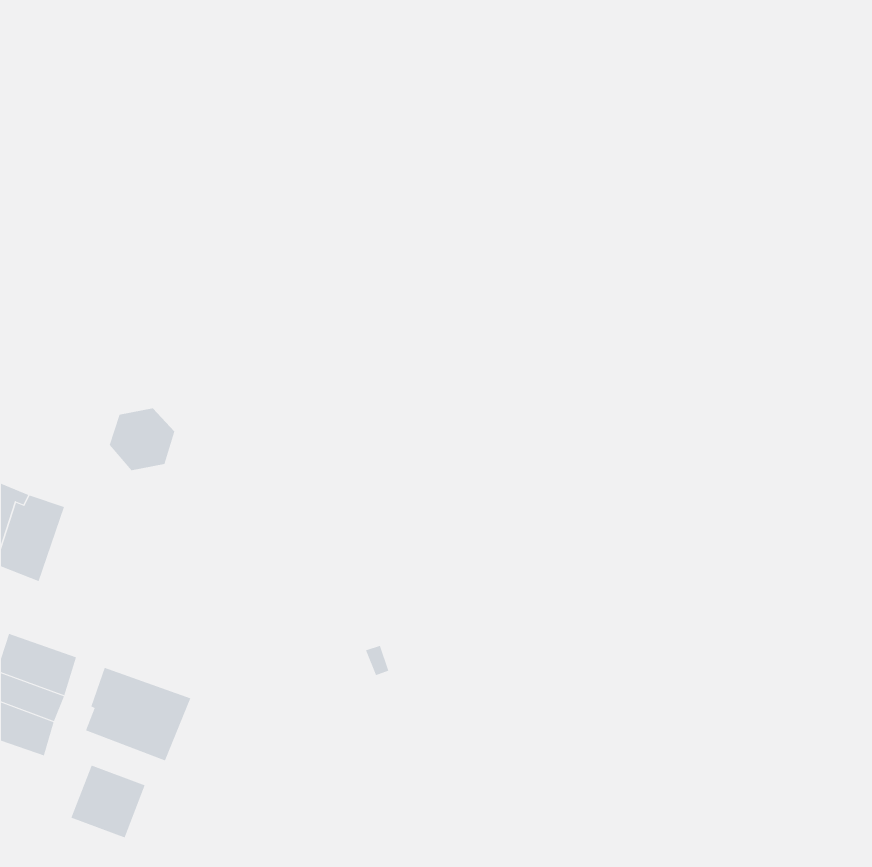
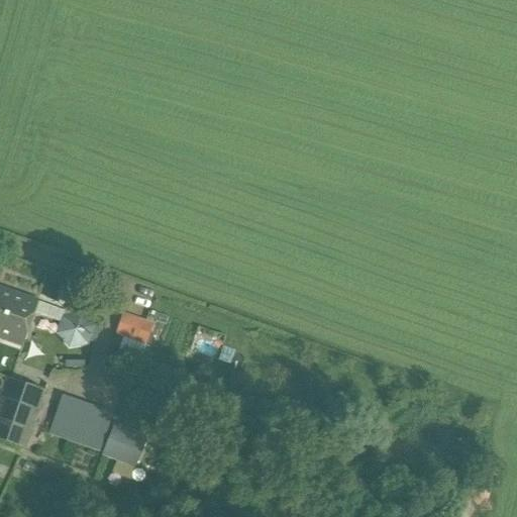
building: [109,408,175,471] -> [56,309,95,346]
building: none -> [115,310,153,343]
building: [71,765,146,838] -> [103,422,147,466]

